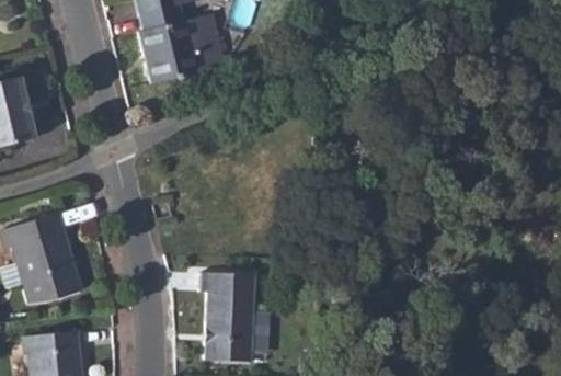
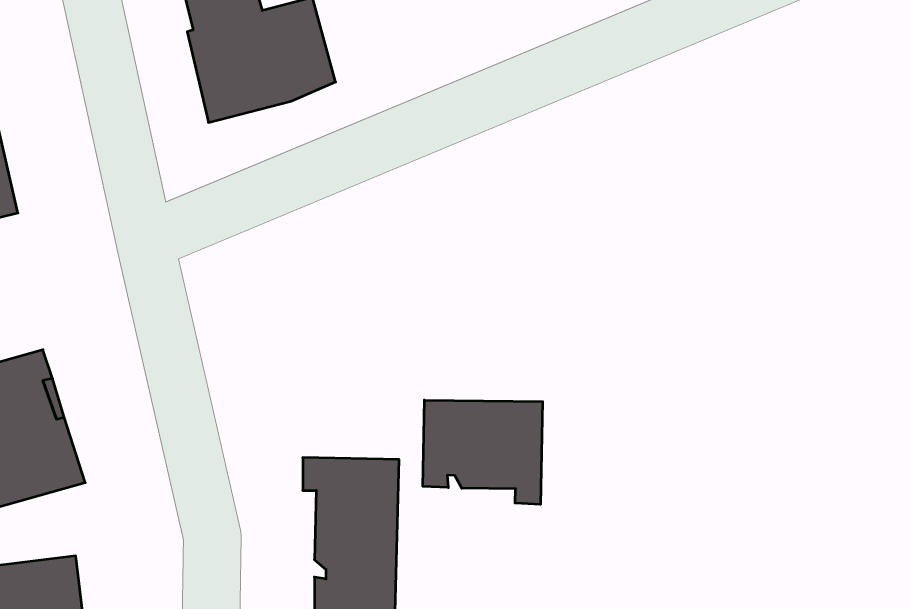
building: none -> [423,400,543,504]

